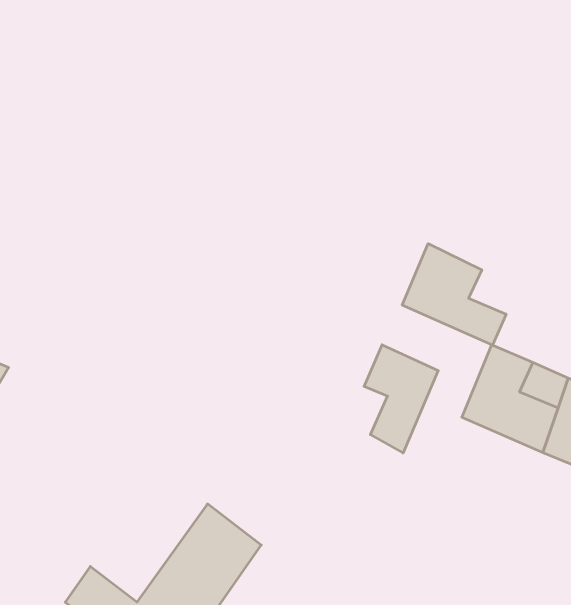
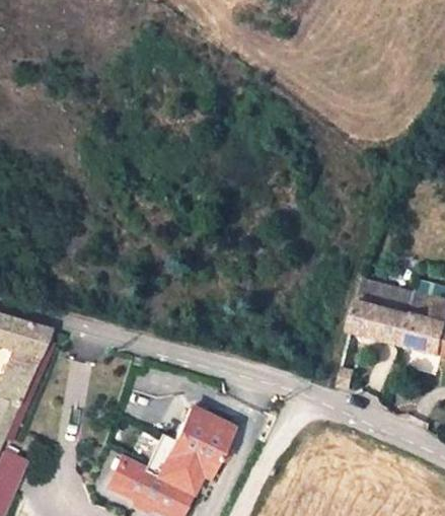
building: [402,244,506,345] -> none
building: [364,345,438,453] -> none

